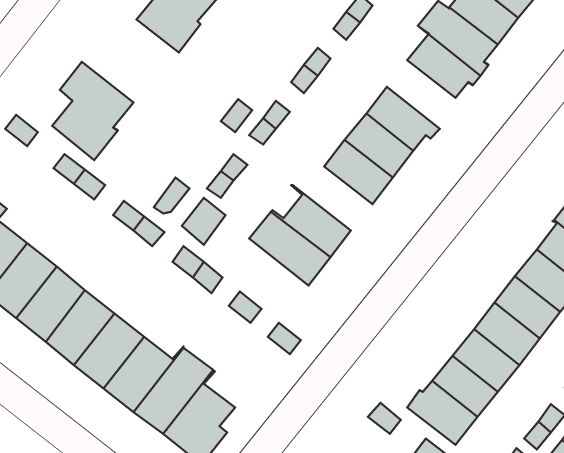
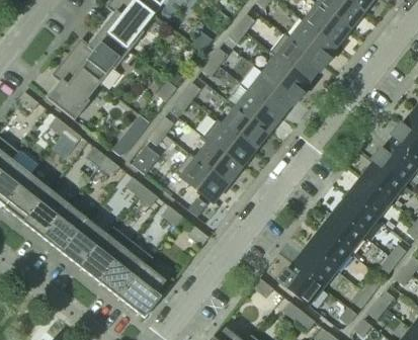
building: none -> [67,28,130,82]
building: none -> [264,55,309,99]
building: none -> [203,119,255,165]

